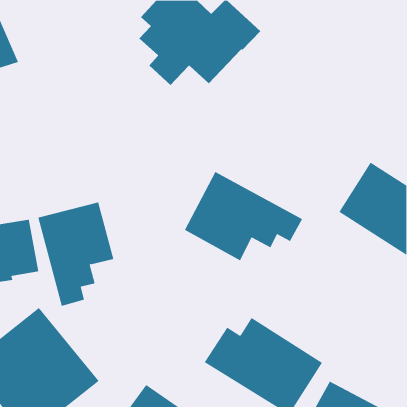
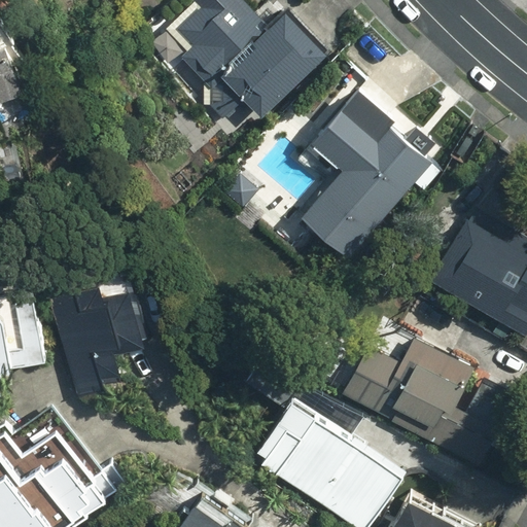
building: none -> [304,103,432,255]
building: [184,171,303,261] -> none
building: none -> [342,336,496,471]

